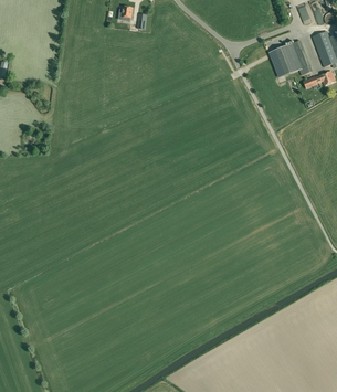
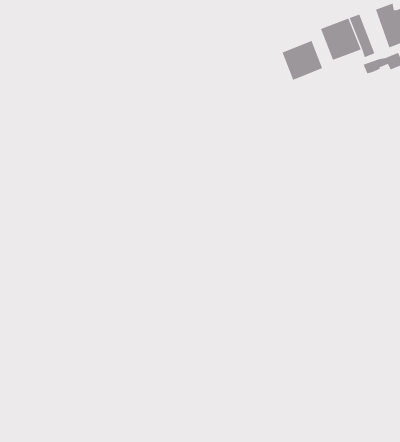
building: none -> [282,40,323,81]

